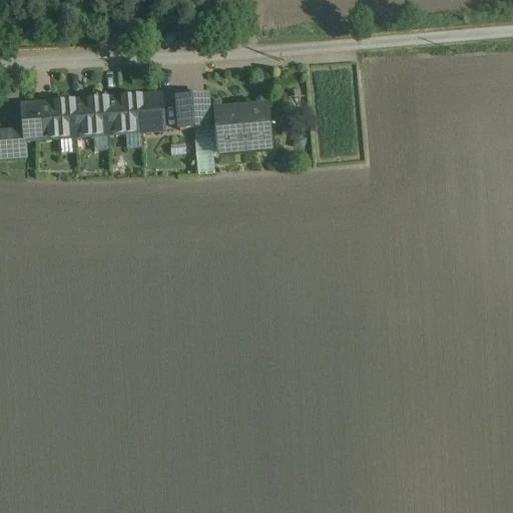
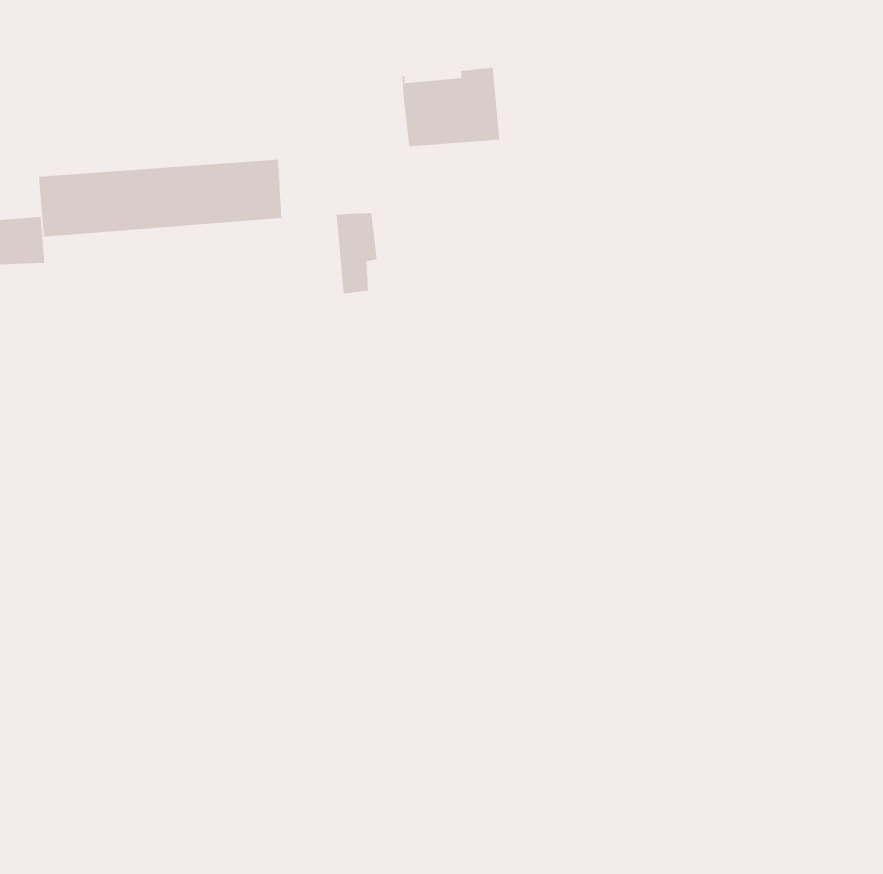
building: [177,92,209,126] -> none
building: [214,104,272,150] -> [402,67,500,147]

